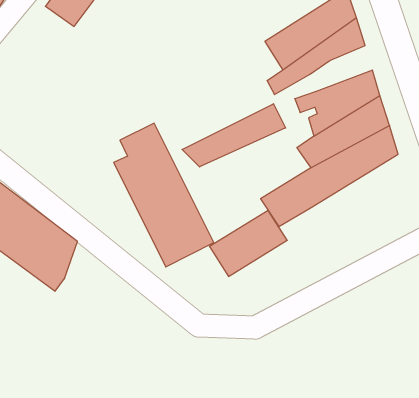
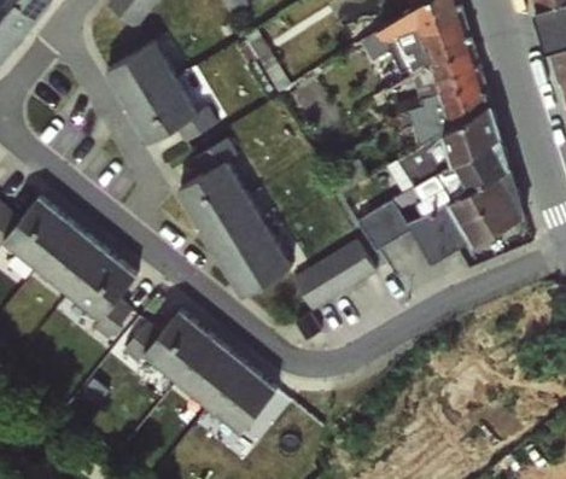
building: none -> [109,39,211,146]
building: none -> [403,52,474,104]
building: [182,104,286,167] -> none
building: none -> [403,175,517,270]
building: none -> [128,309,285,439]

